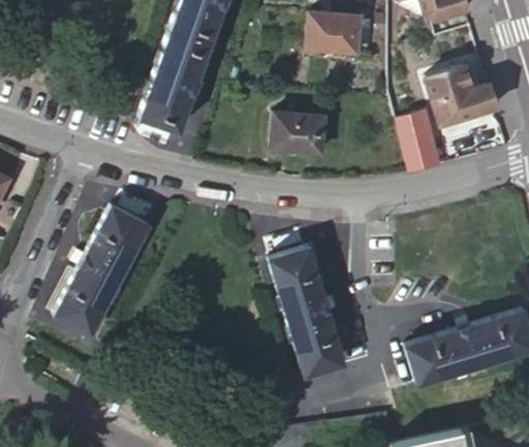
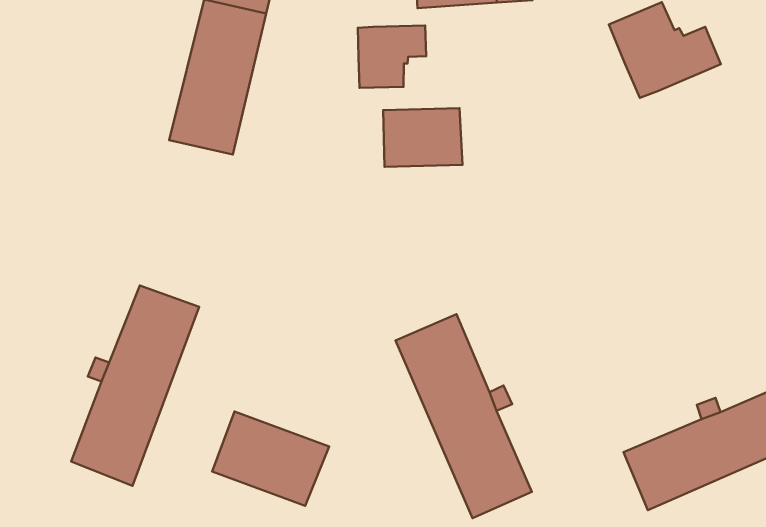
building: none -> [358,26,426,88]
building: [399,110,444,173] -> none
building: none -> [212,411,329,506]

